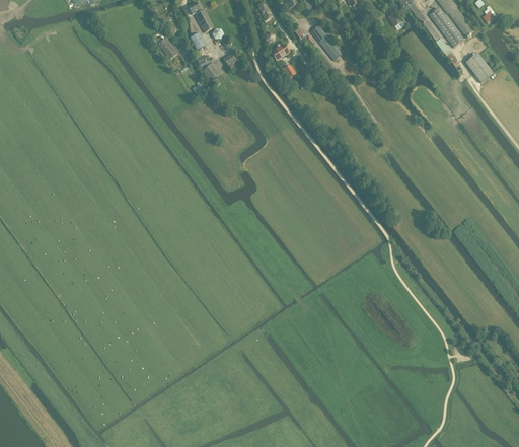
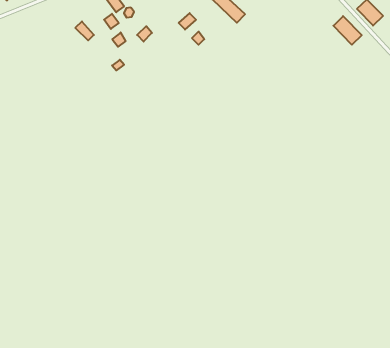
building: none -> [333,16,362,45]

